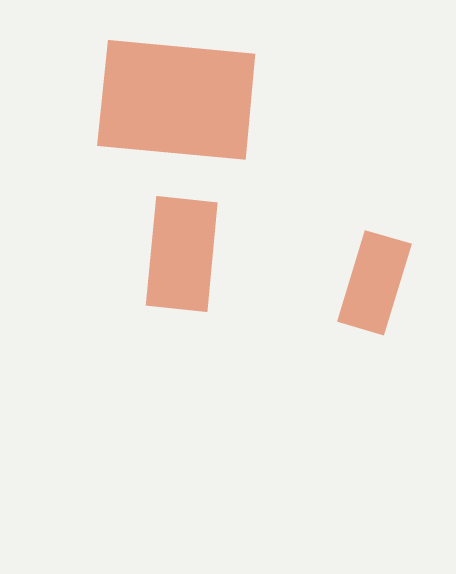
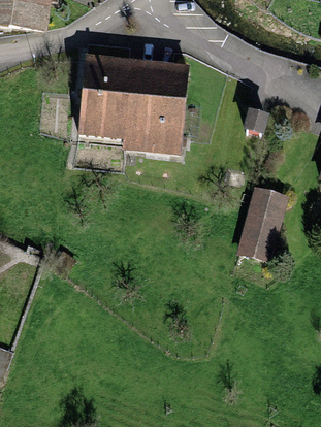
building: [145,195,218,313] -> none

